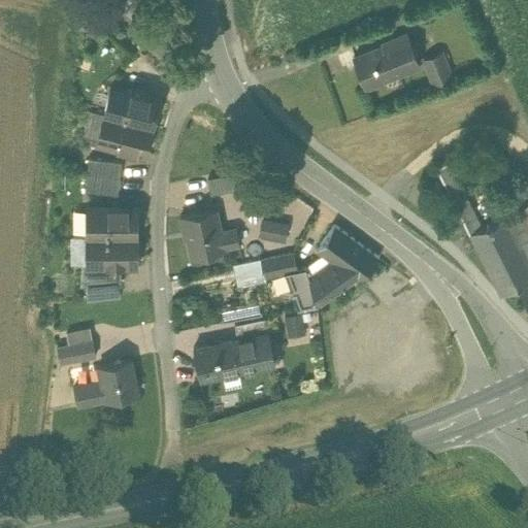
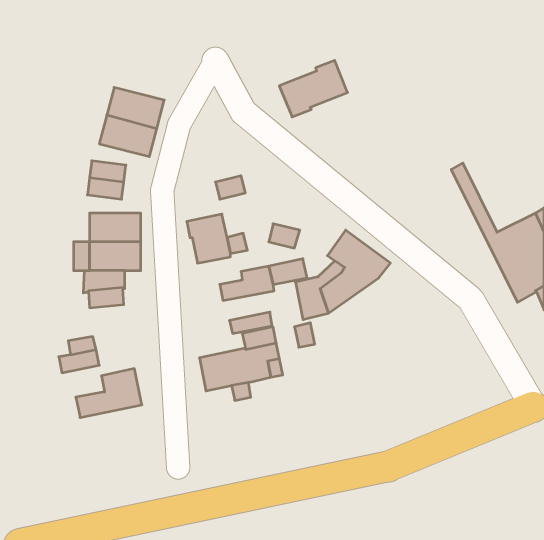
building: [353,35,419,90] -> [279,60,348,117]
building: [423,54,452,90] -> none

